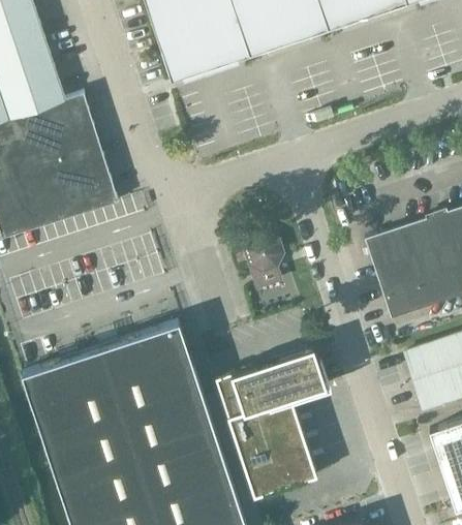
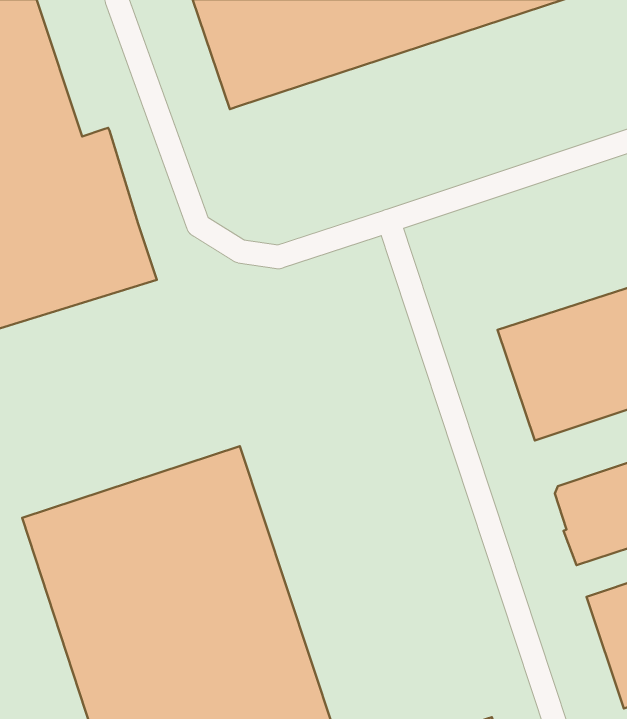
building: [245,235,283,290] -> none
building: [215,348,327,498] -> none

